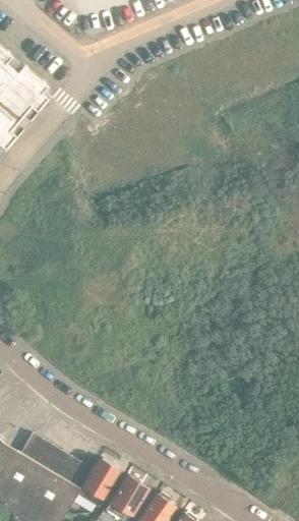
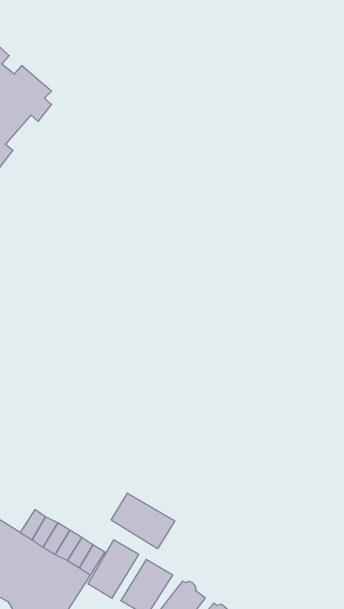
building: none -> [111,493,175,549]

